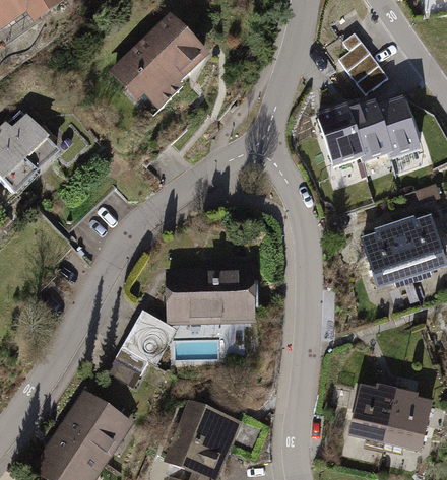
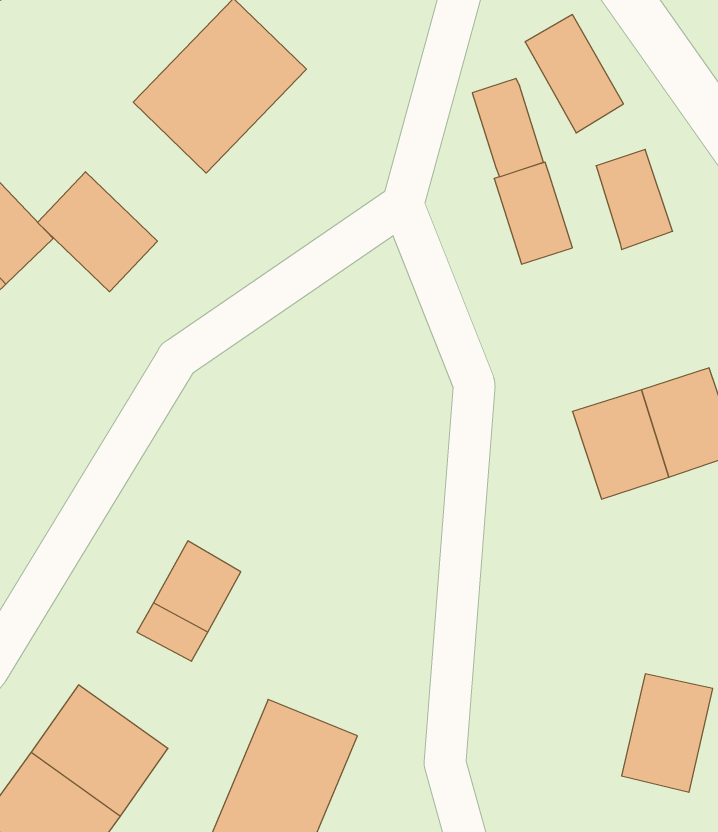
building: [344,101,384,156] -> [472,78,543,177]
building: none -> [38,172,157,292]
building: [165,264,255,324] -> none
building: [346,380,398,445] -> none

